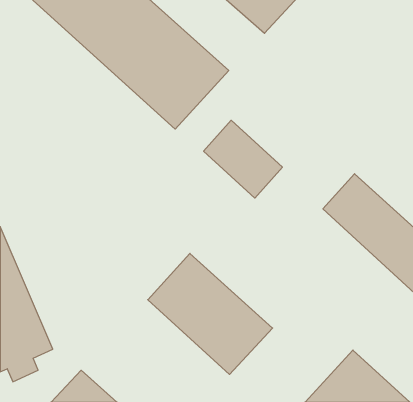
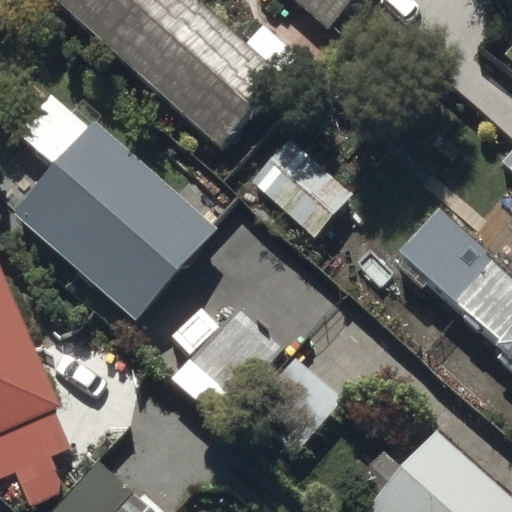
building: none -> [23,87,214,300]

